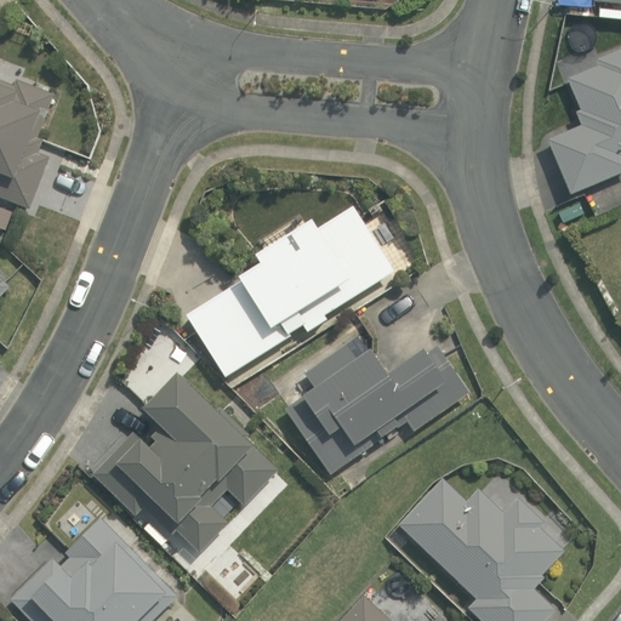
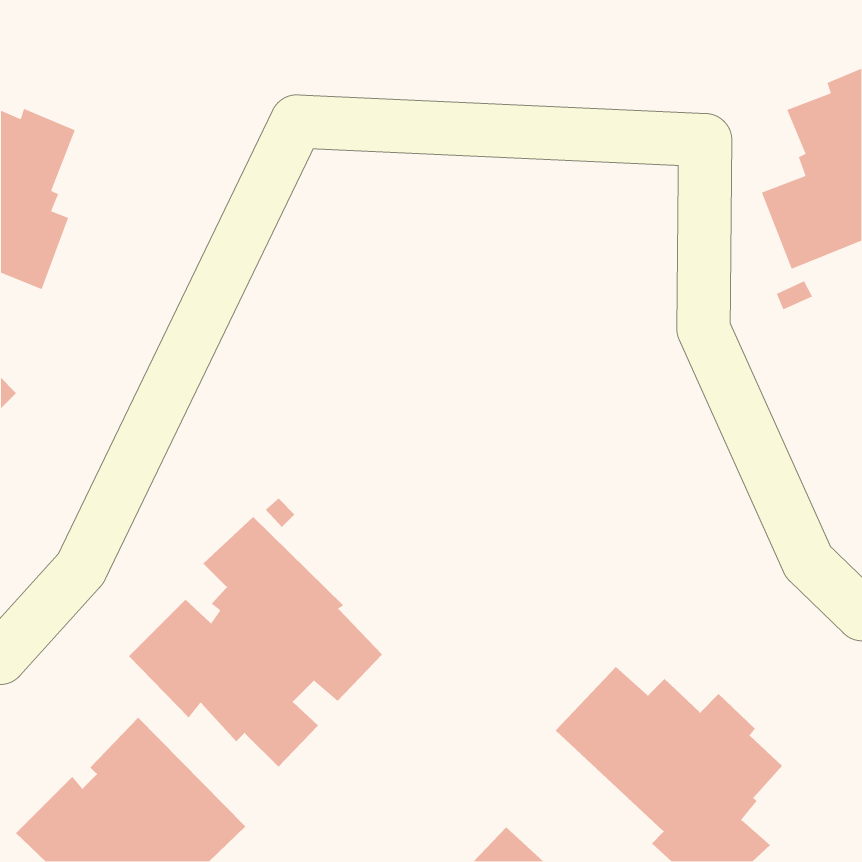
building: [188,205,394,376] -> none
building: [284,343,468,473] -> none

